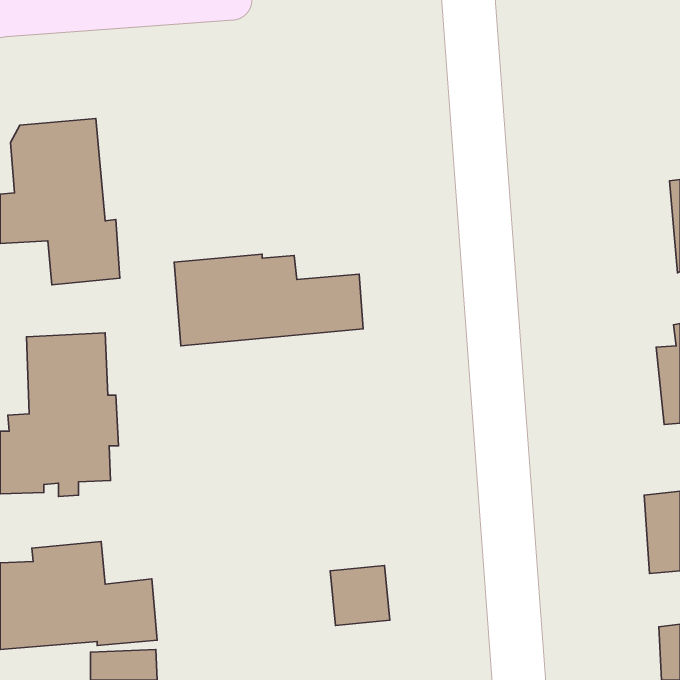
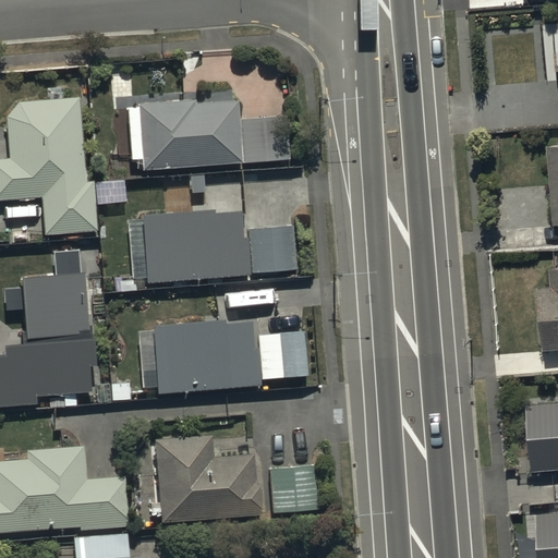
building: none -> [128,89,291,171]
building: none -> [138,320,306,393]
building: none -> [156,436,263,524]

